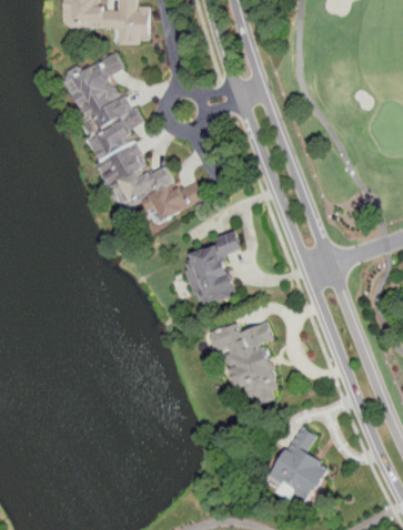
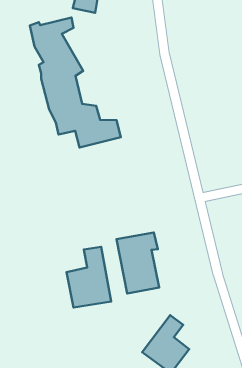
building: [178,237,241,307] -> none
building: none -> [67,247,111,308]

